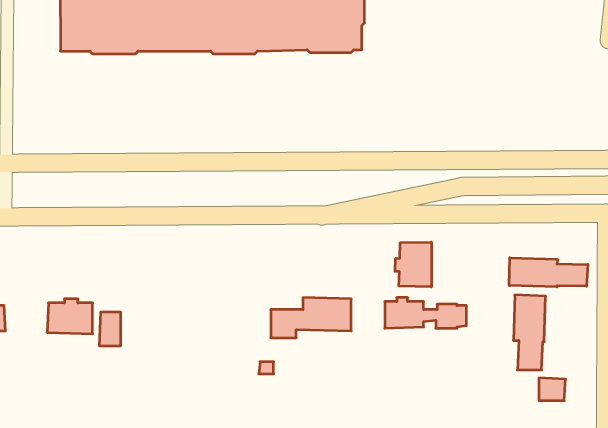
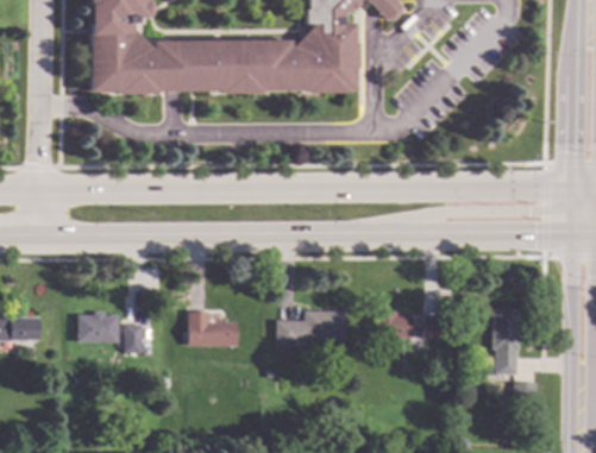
building: [395,242,431,287] -> none
building: [509,258,588,287] -> none
building: none -> [190,312,239,346]

